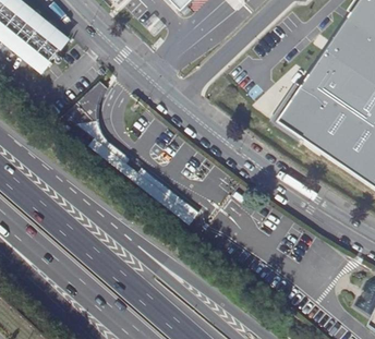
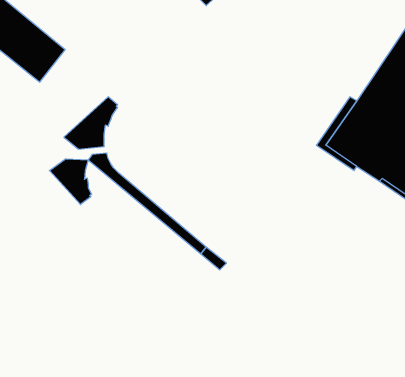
building: none -> [49,159,91,205]

